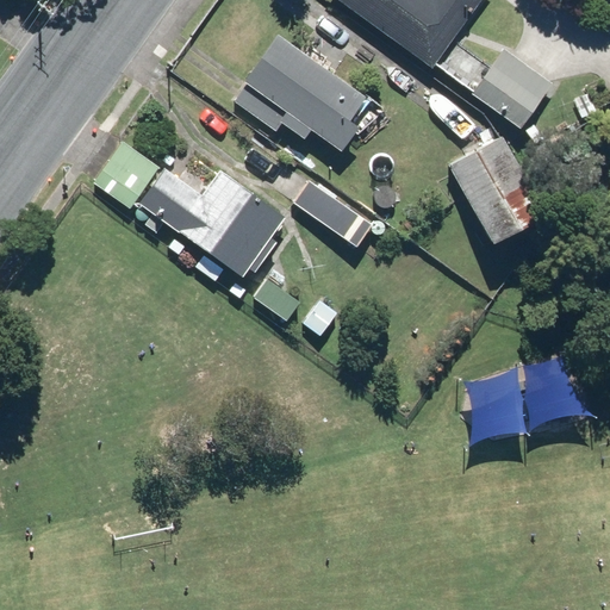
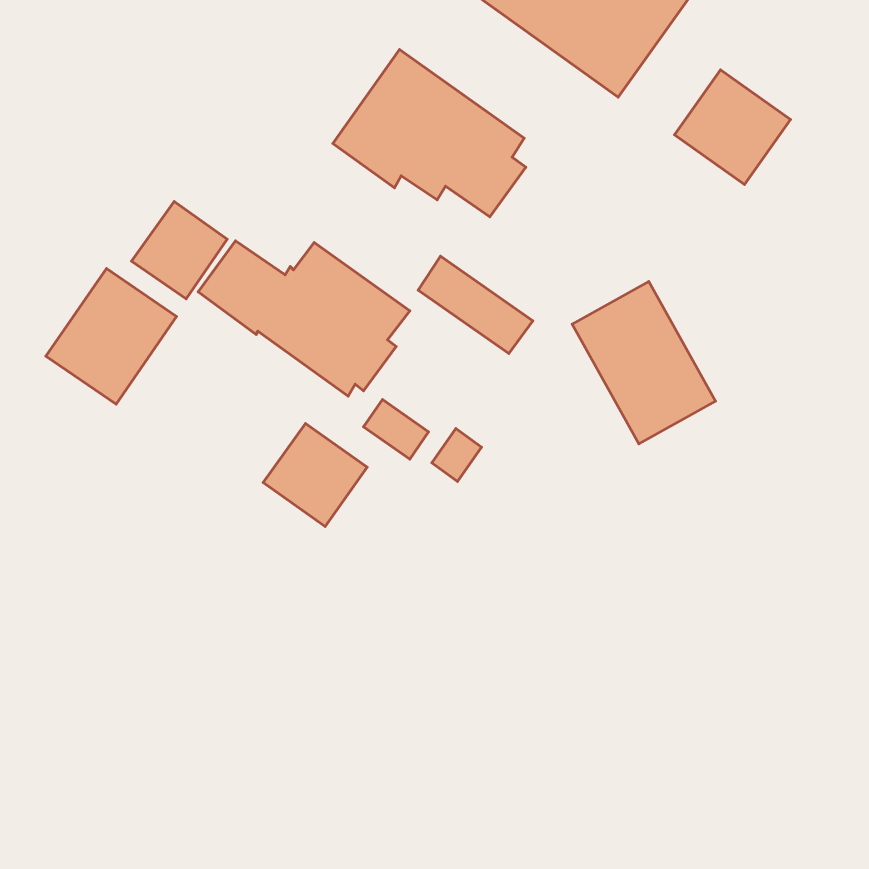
building: [448,133,548,247] -> [572,282,716,444]
building: none -> [46,268,177,404]
building: none -> [263,423,367,526]

